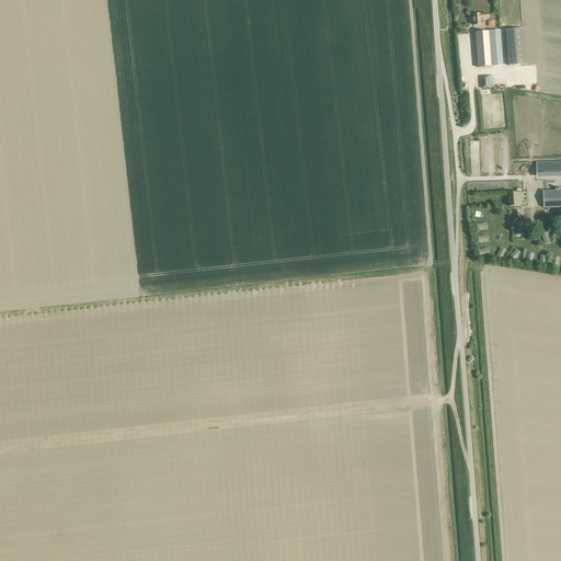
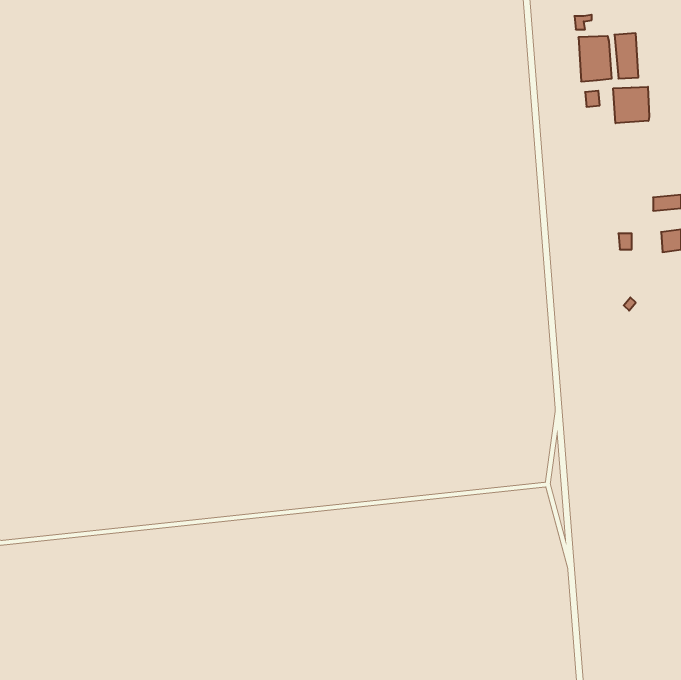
building: none -> [613,87,649,123]

